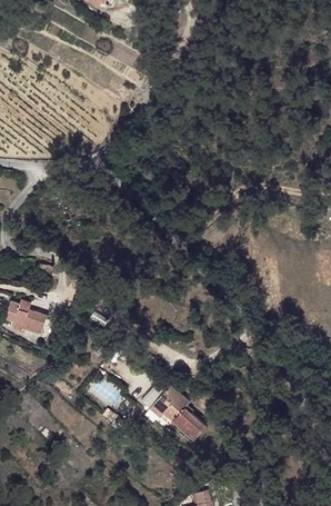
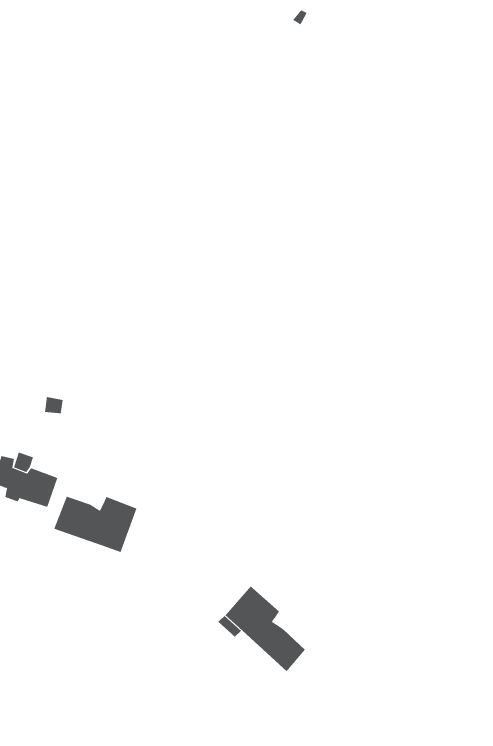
building: none -> [54,496,137,553]

